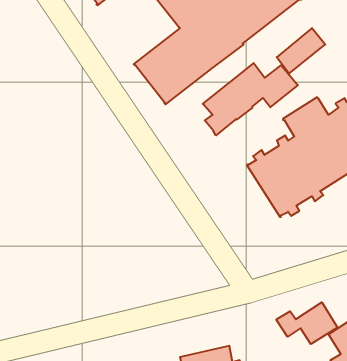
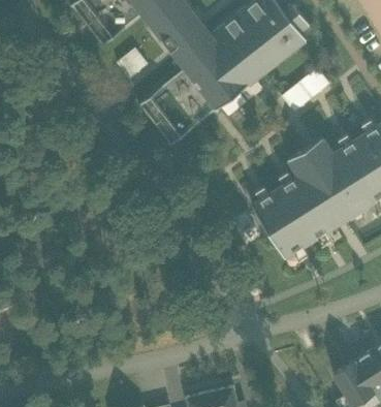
building: [203,63,298,135] -> none
building: [276,302,338,344] -> none

